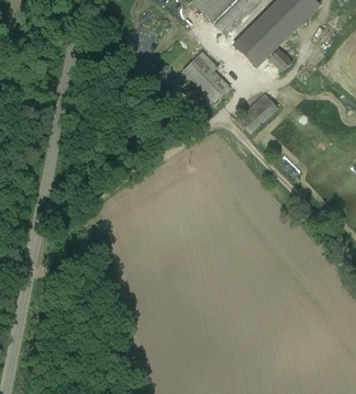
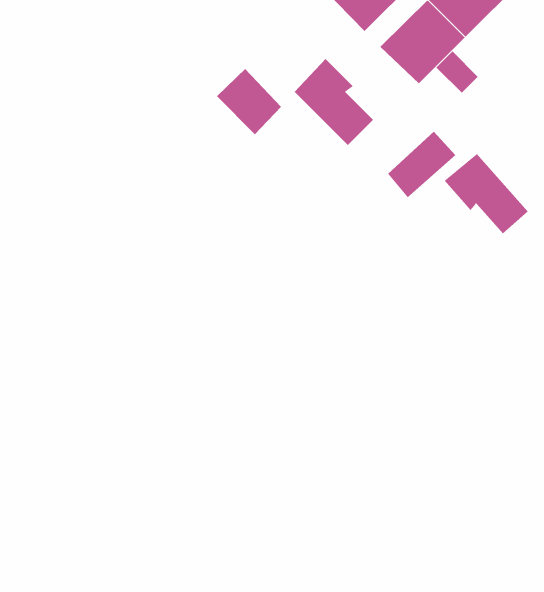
building: none -> [216,68,282,135]
building: none -> [444,153,528,234]

